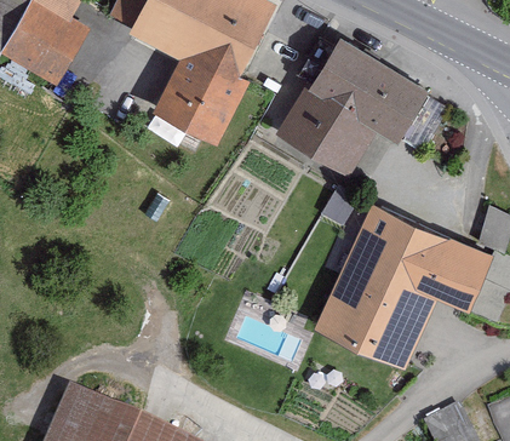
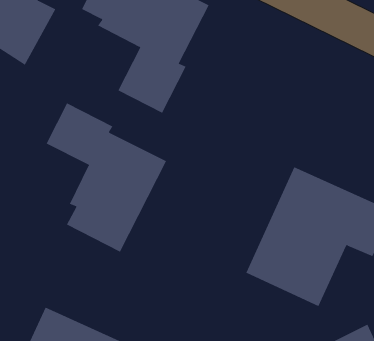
building: [282,45,426,171] -> none
building: none -> [46,103,167,252]

